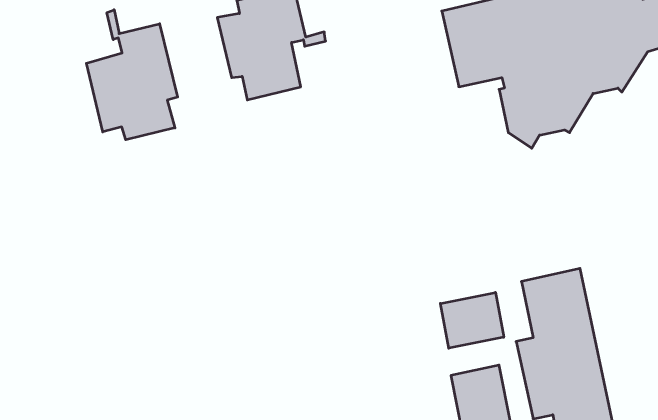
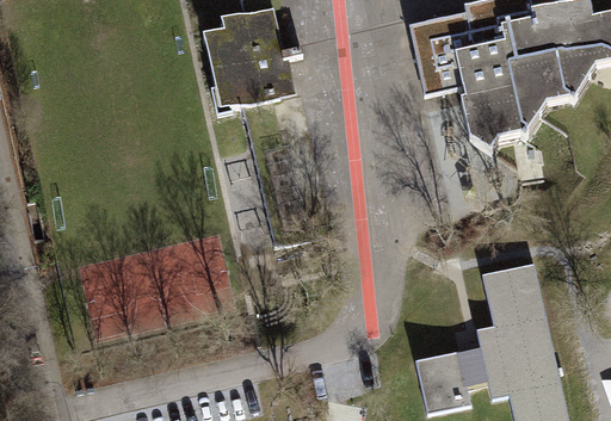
building: [86,10,178,140] -> none
building: [440,292,504,348] -> none

